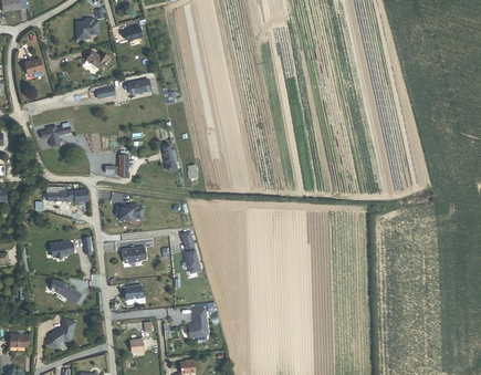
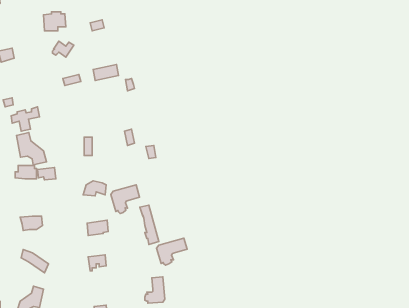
building: none -> [17,132,46,165]
building: none -> [111,185,140,214]
building: none -> [156,238,187,265]

